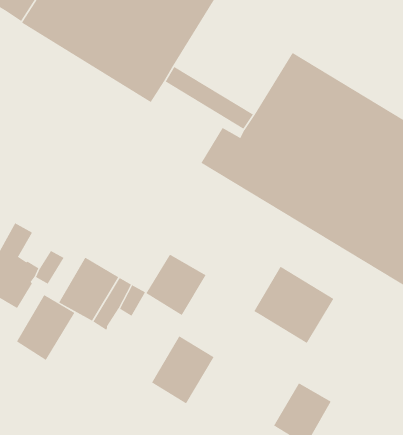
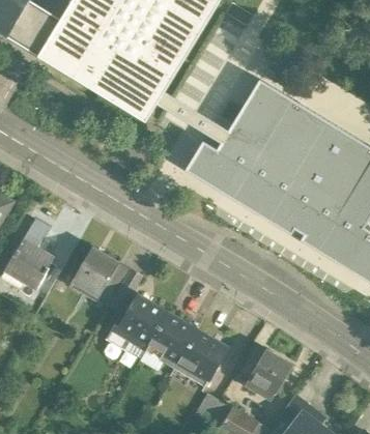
building: [145,254,206,316] -> [117,293,167,344]
building: [253,266,334,344] -> none
building: [16,294,75,361] -> none
building: none -> [173,328,228,385]

